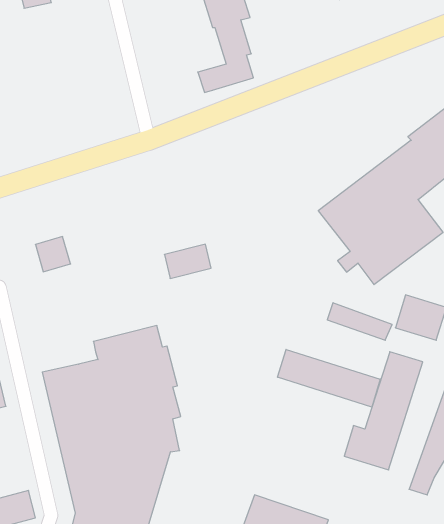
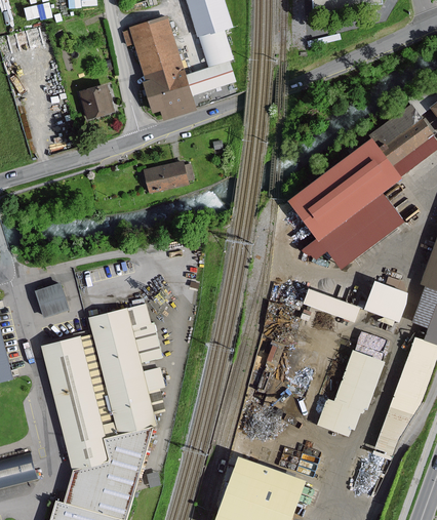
building: none -> [122,15,193,117]
building: none -> [80,83,113,117]
building: [35,237,71,272] -> [36,283,68,315]
building: [164,244,211,278] -> [144,161,186,192]
building: [278,349,380,407] -> none

